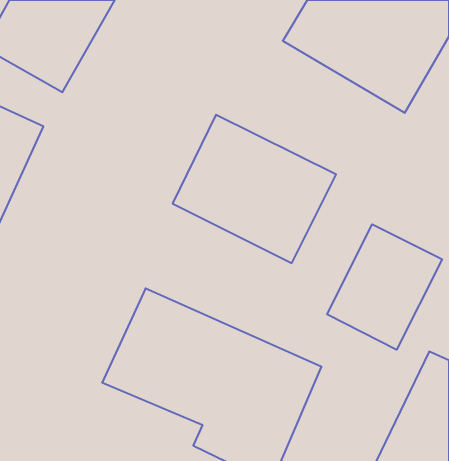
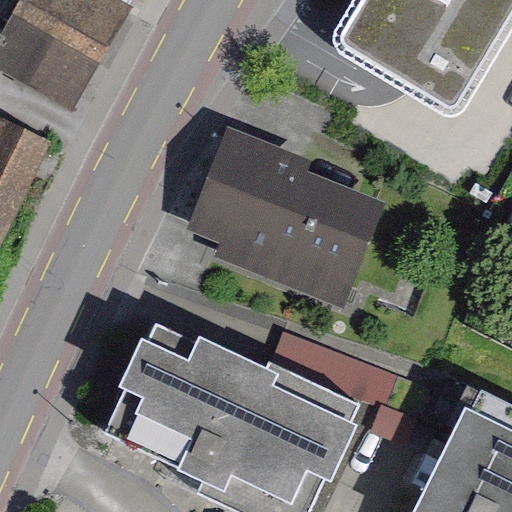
building: [327,224,442,350] -> none

